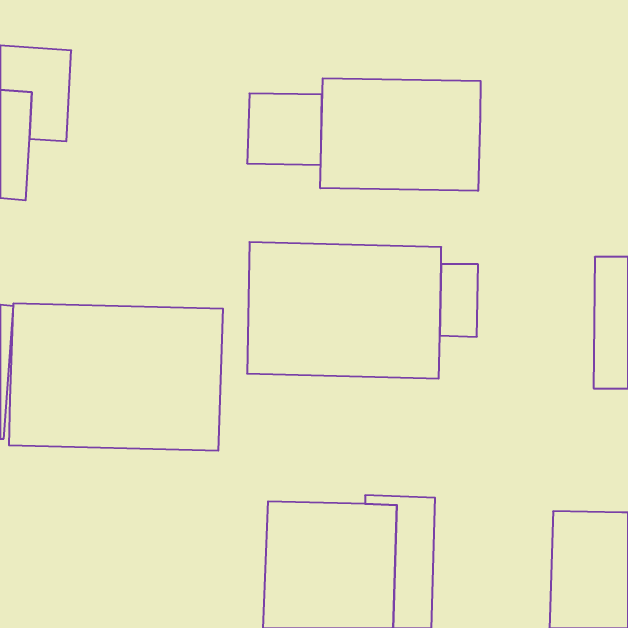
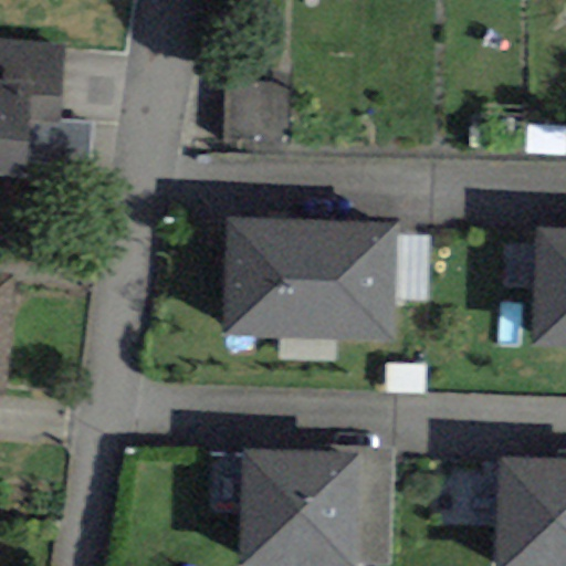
building: [320,78,481,191] -> none
building: [9,303,223,451] -> none

